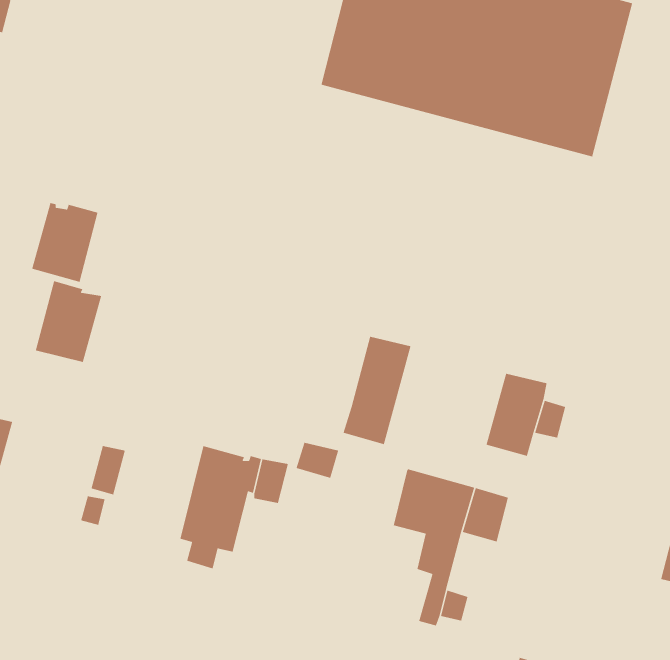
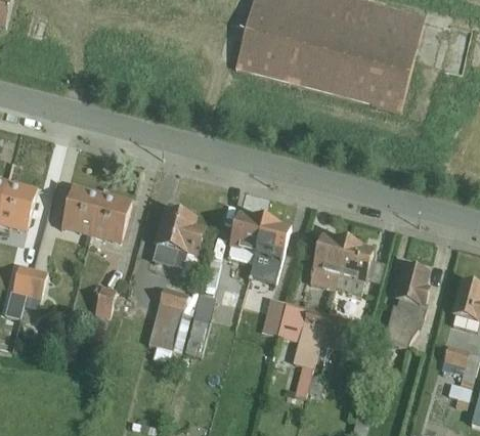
building: [31,202,99,283] -> [90,194,131,244]
building: none -> [150,209,205,278]
building: none -> [227,212,264,262]
building: none -> [309,234,347,289]
building: none -> [383,259,431,346]
building: none -> [261,297,287,335]

